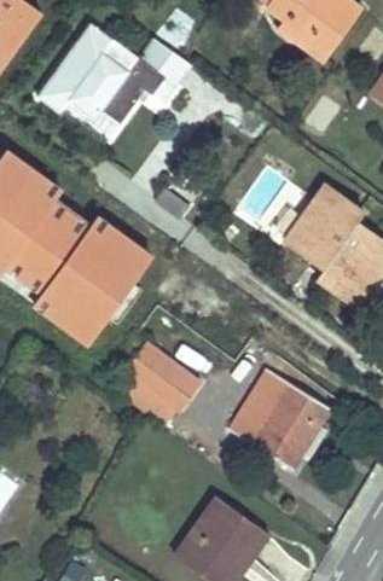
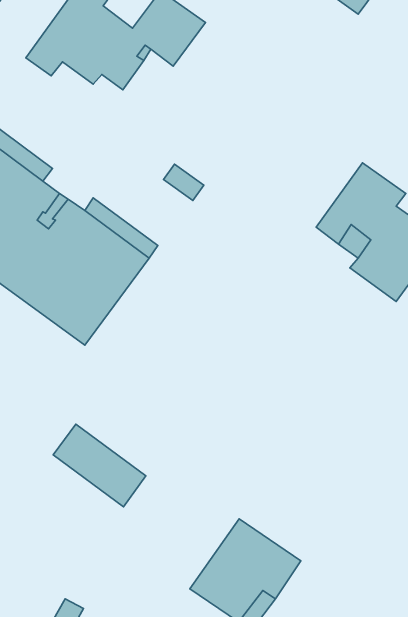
building: [118,337,198,408] -> [53,424,146,507]
building: [230,368,330,469] -> none

